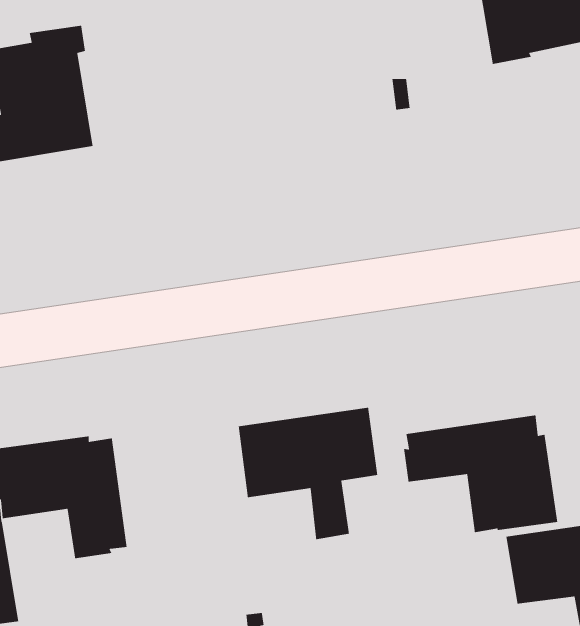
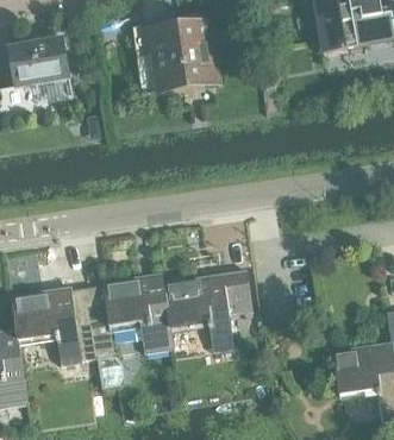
building: none -> [135,23,214,89]
building: none -> [86,274,173,385]
building: [403,415,558,534] -> none

